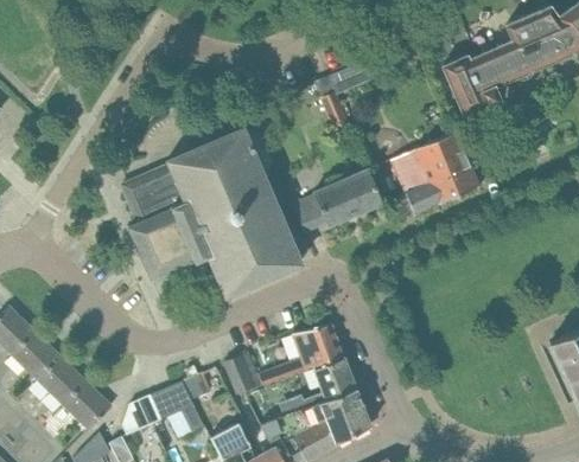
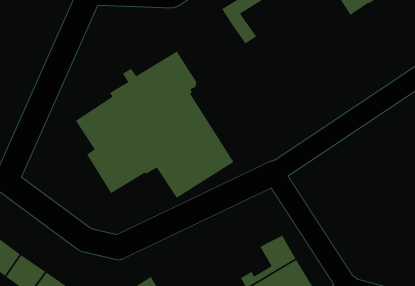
building: [390,130,479,216] -> none
building: [293,169,383,232] -> none
building: [266,325,344,383] -> none
building: [223,354,255,394] -> none

